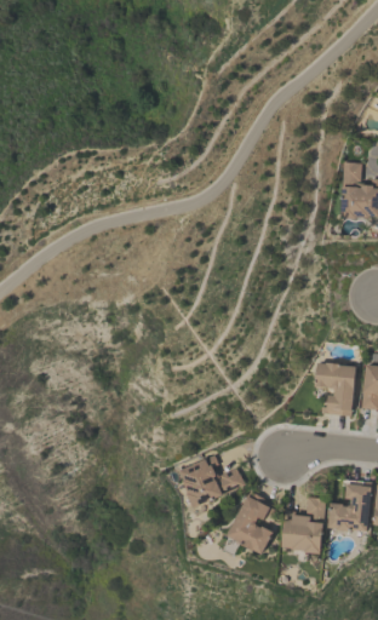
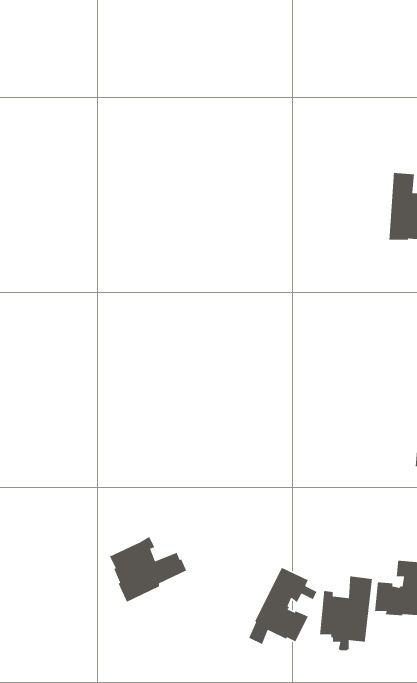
building: [314,362,356,415] -> none
building: [179,454,245,510] -> [109,536,187,603]

